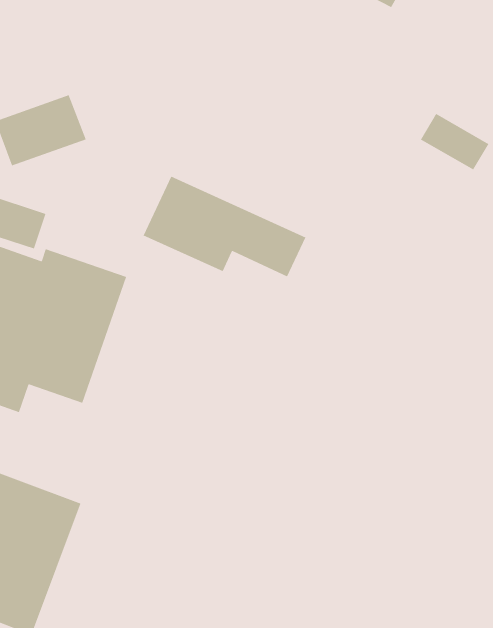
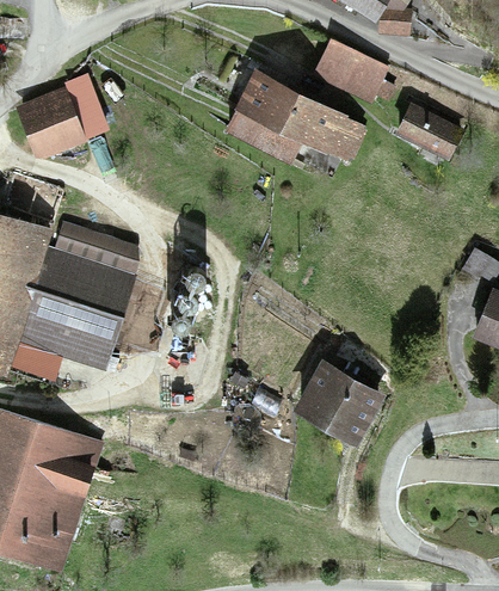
building: none -> [321,44,393,101]
building: [143,176,306,277] -> [227,73,372,164]
building: none -> [292,363,378,442]

